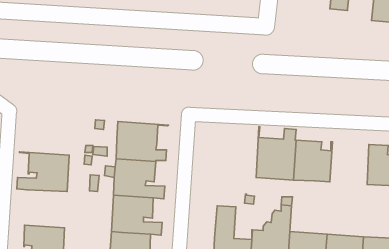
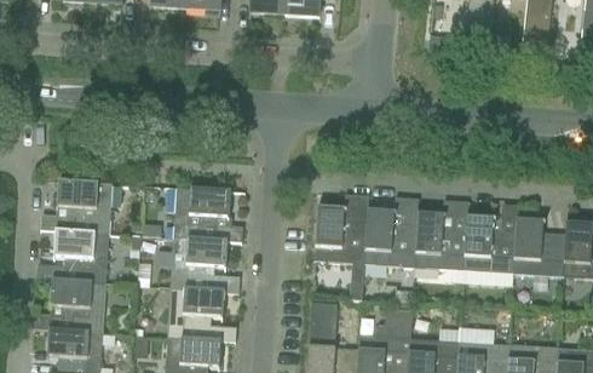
building: none -> [41,179,113,234]
building: none -> [313,193,368,264]
building: none -> [465,216,518,274]
building: none -> [34,281,106,333]

